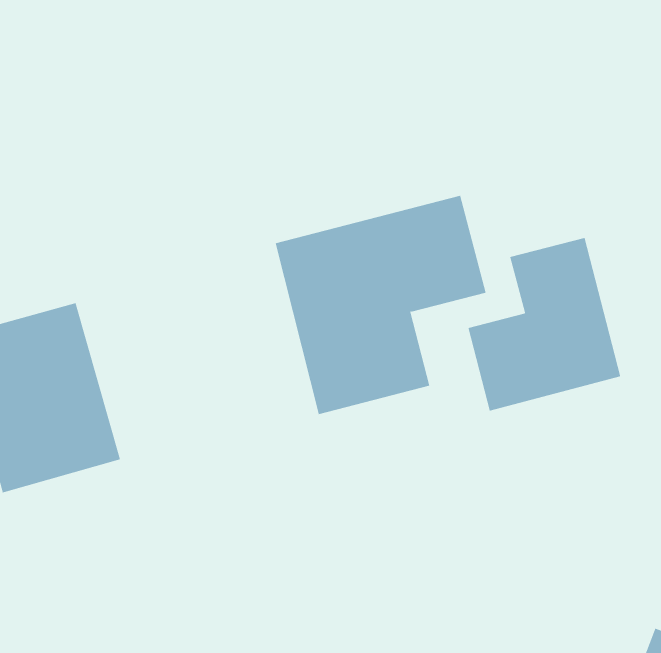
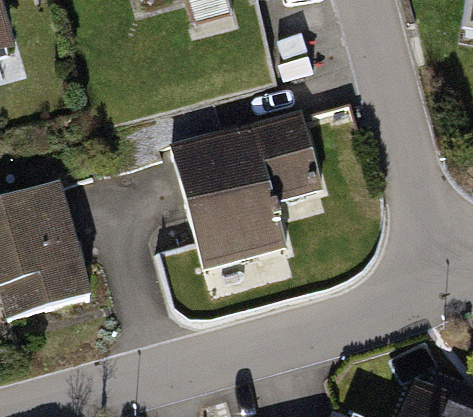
building: [468,237,621,411] -> none

